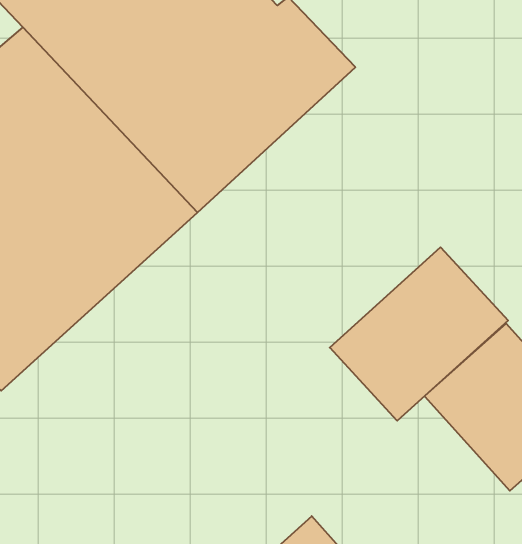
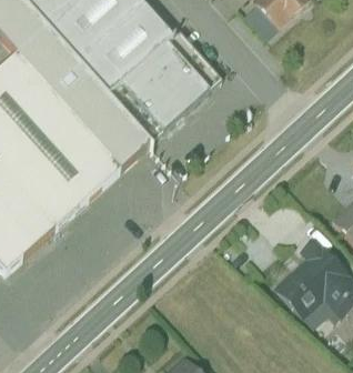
building: [330,247,508,421] -> none

